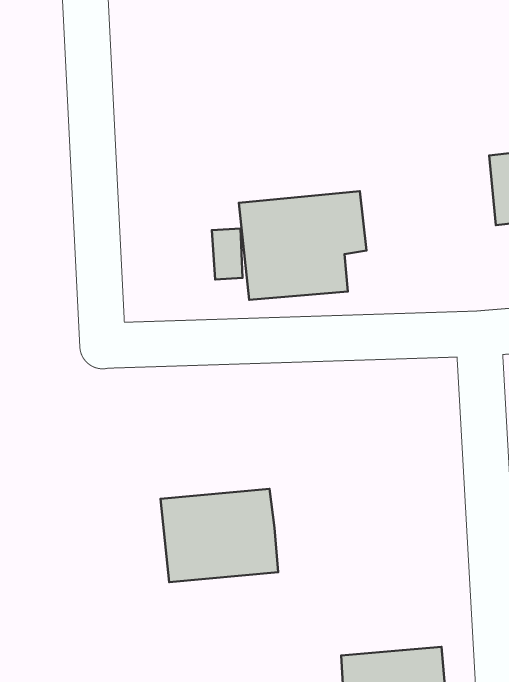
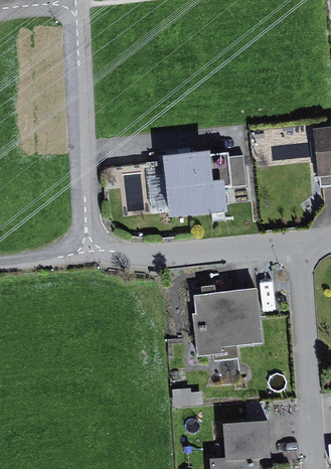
building: [161,489,278,582] -> [193,291,263,346]

